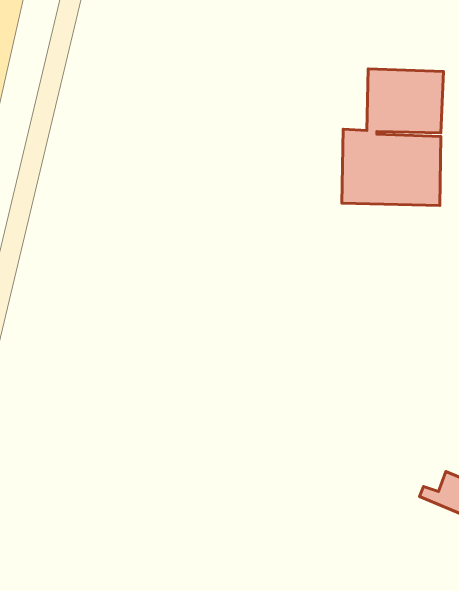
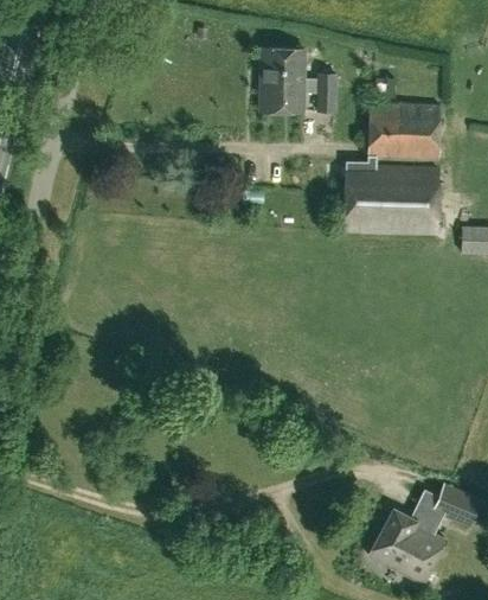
building: none -> [261,49,336,114]
building: none -> [372,509,445,589]

